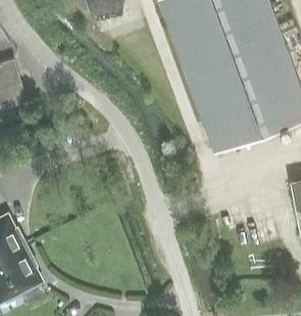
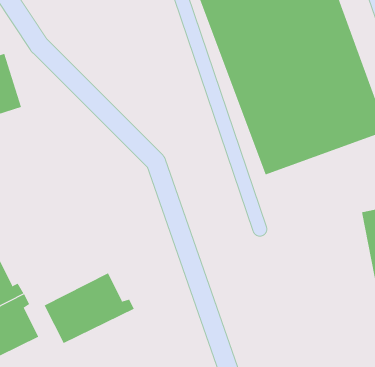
building: none -> [44,272,135,344]

